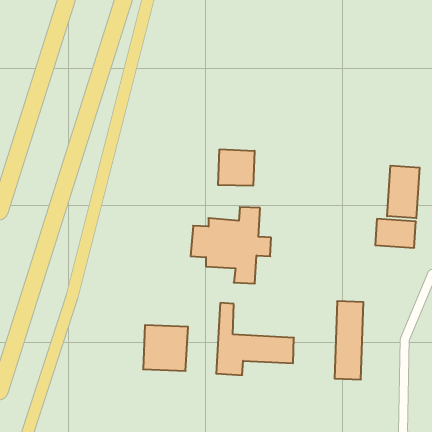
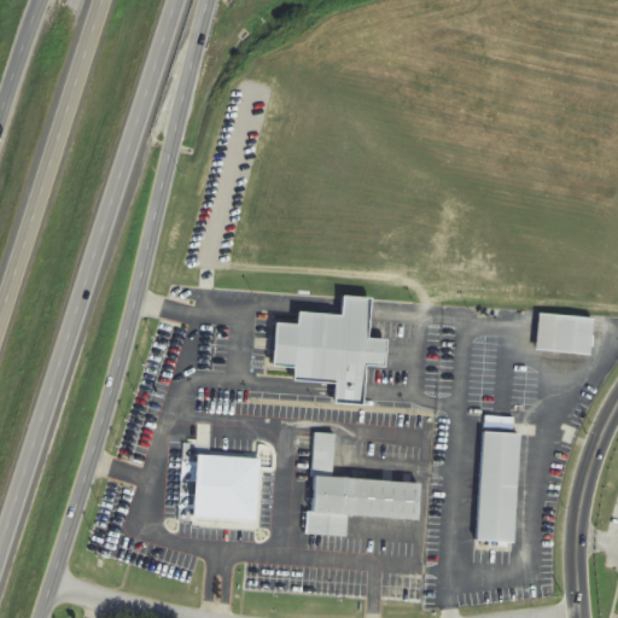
building: [218,149,255,186] -> none
building: [387,166,420,218] -> none

